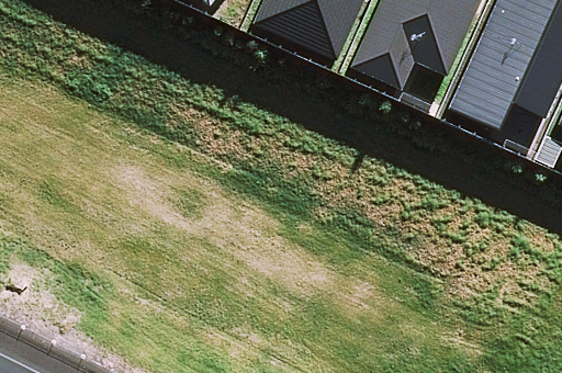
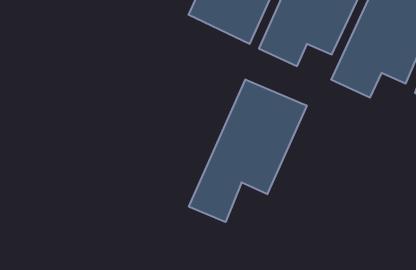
building: none -> [189,79,307,222]

